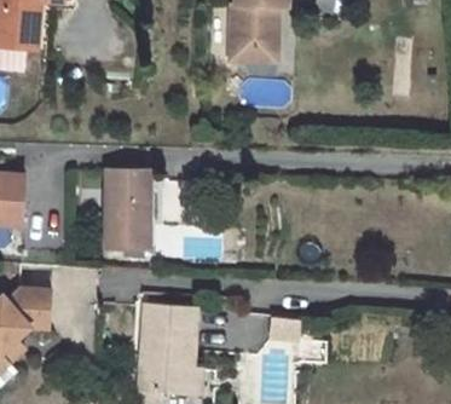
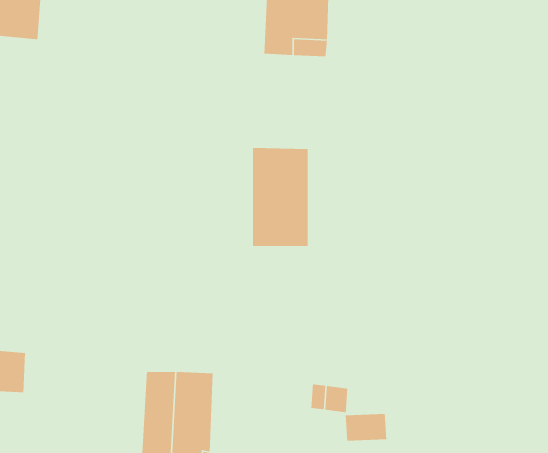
building: [106,169,150,247] -> [252,147,308,247]

